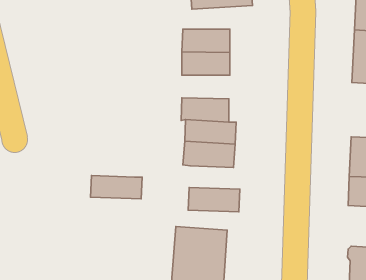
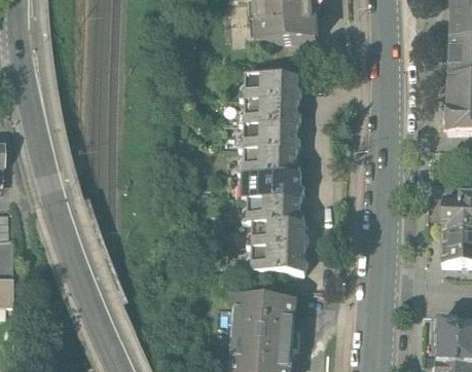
building: none -> [245,119,299,146]
building: [91,175,142,199] -> [253,222,312,249]

